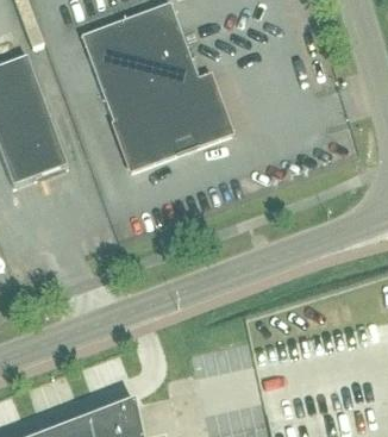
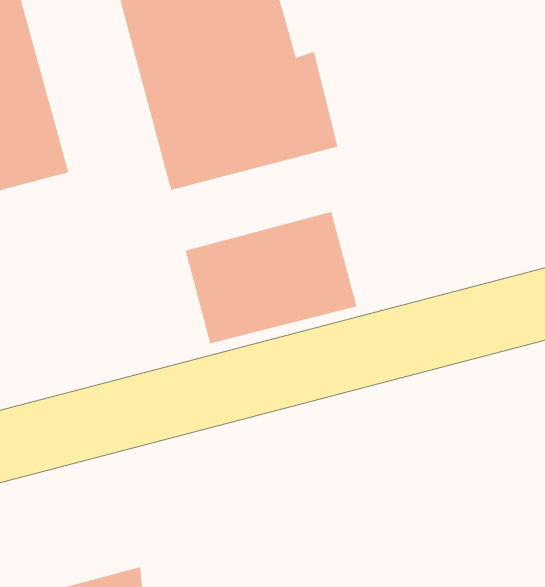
building: none -> [185,211,357,344]

